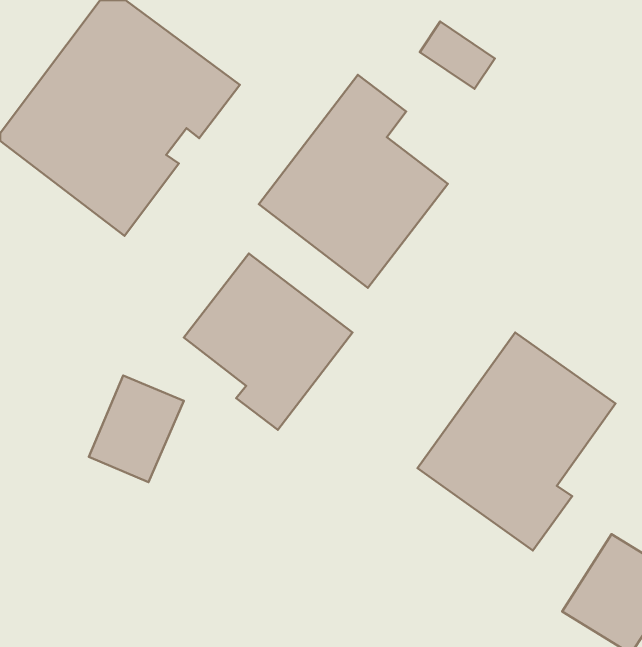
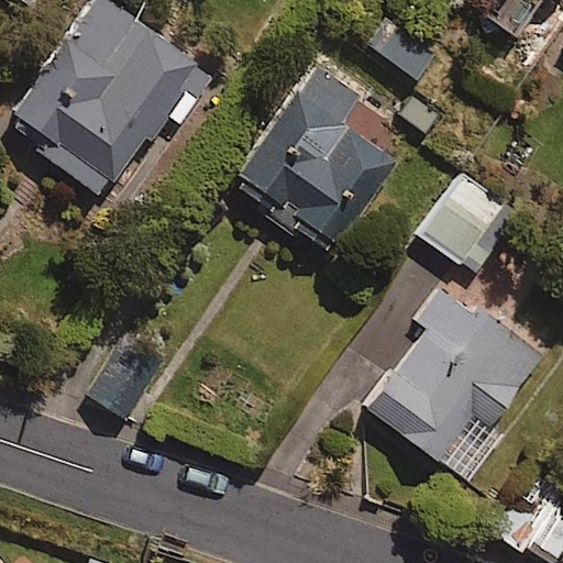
building: none -> [419,174,506,273]
building: [184,253,353,430] -> none

